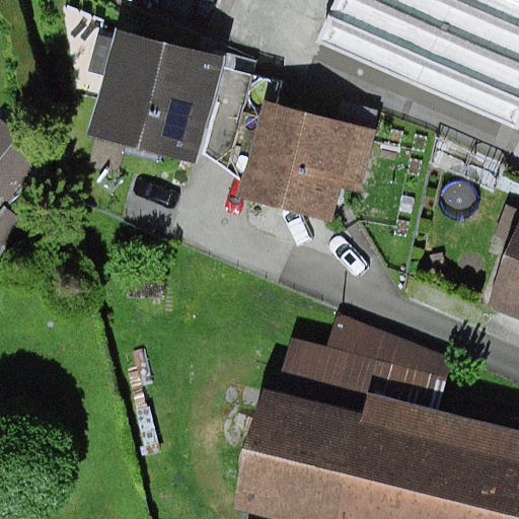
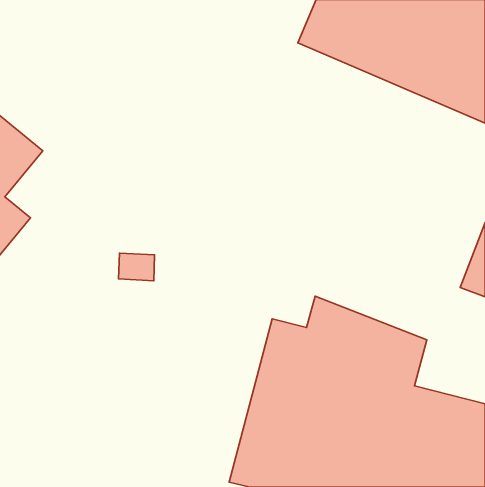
building: [86,28,224,163] -> none
building: [236,100,374,222] -> none

